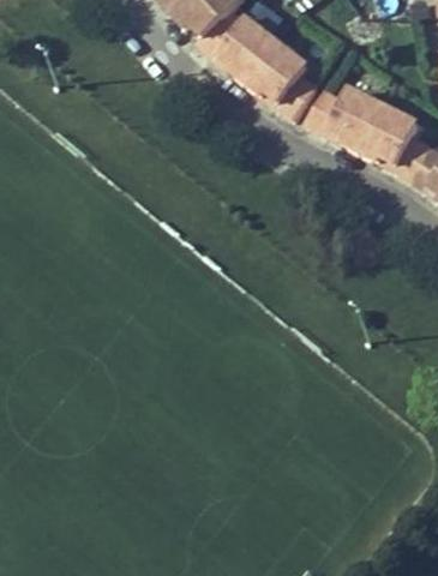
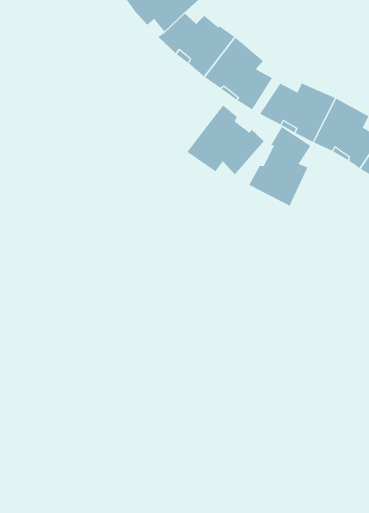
building: none -> [186,105,265,175]
building: none -> [249,126,311,206]

